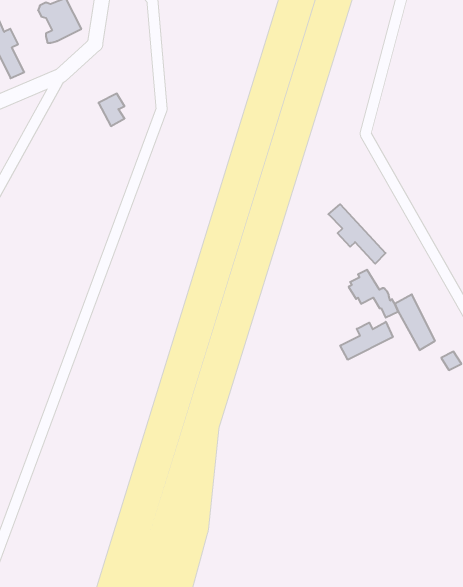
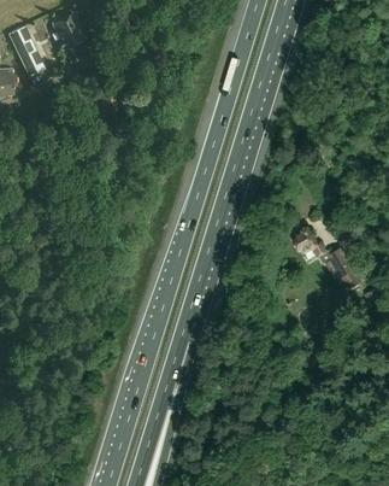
building: [328,204,386,264] -> none
building: [340,322,393,360] -> none

